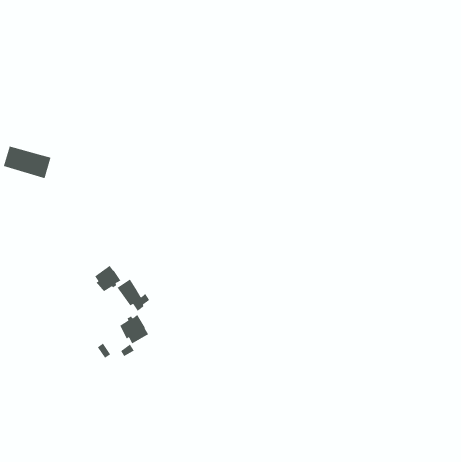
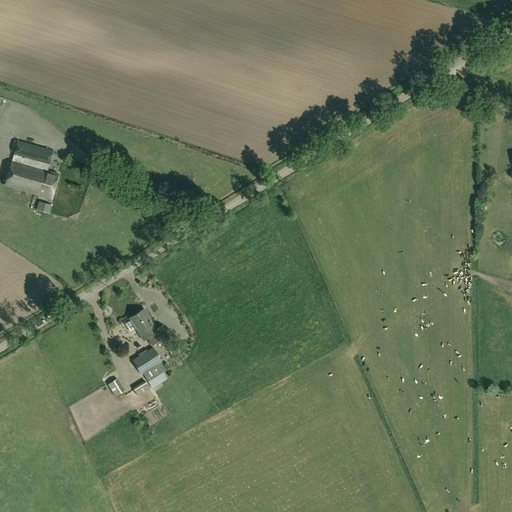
building: none -> [10,141,51,171]
building: [94,265,122,292] -> none

